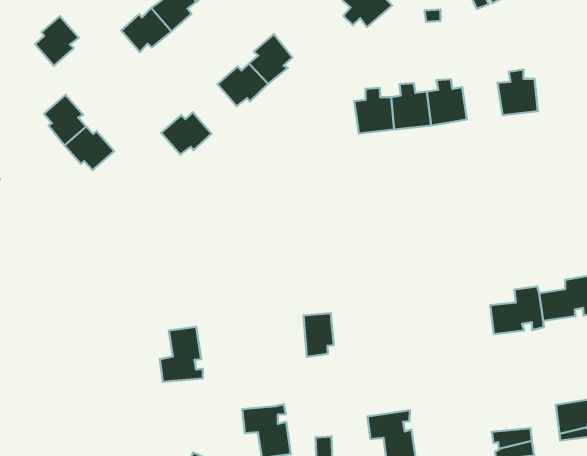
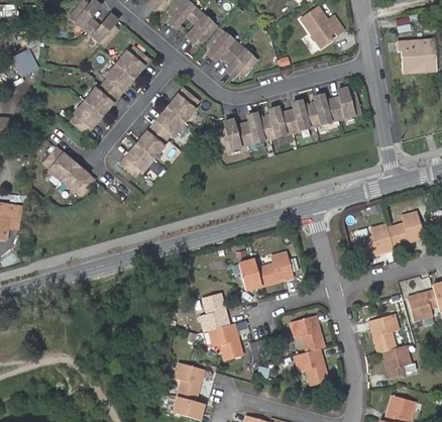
building: [35,16,79,66] -> [75,100,102,132]
building: none -> [311,94,339,124]
building: none -> [141,125,169,157]
building: none -> [221,118,249,149]
building: none -> [250,251,285,286]
building: [160,327,203,382] -> [193,293,222,331]

